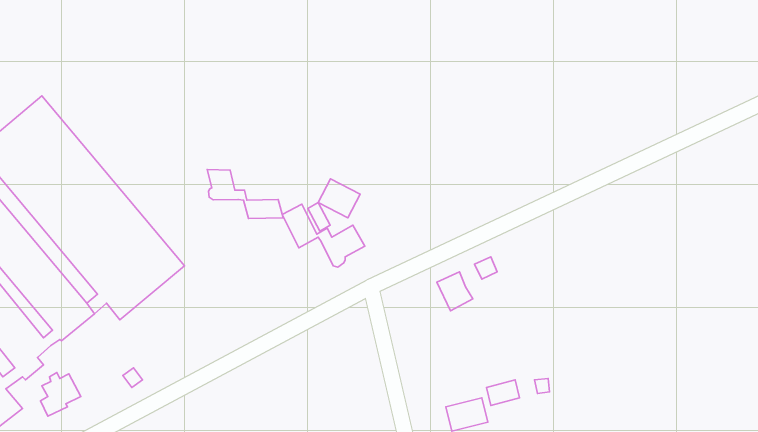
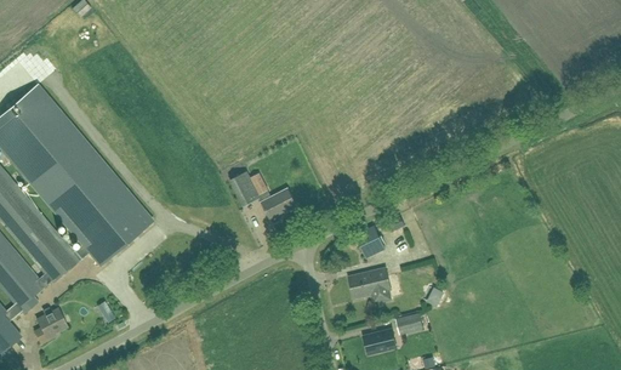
building: [207,169,283,218] -> none
building: [318,179,360,218] -> none
building: none -> [348,267,391,302]

